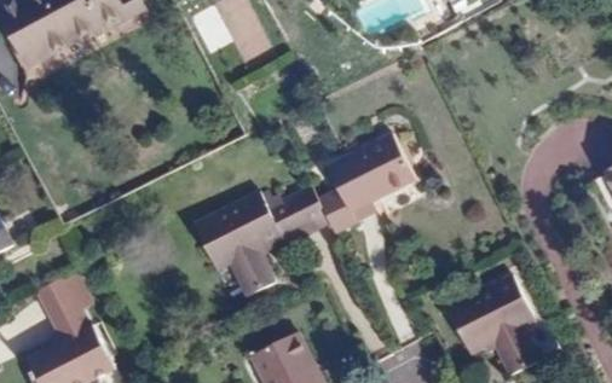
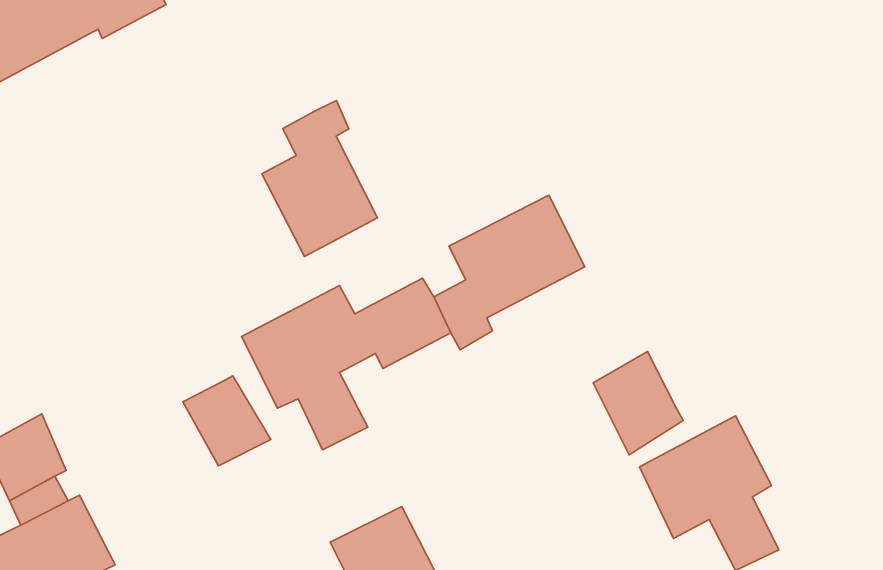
building: none -> [262,100,377,256]
building: none -> [593,351,683,455]
building: none -> [183,376,271,466]

